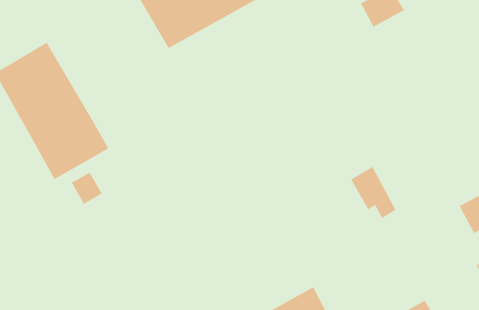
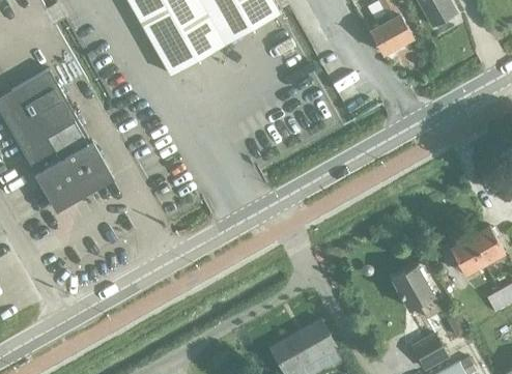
building: [350,166,396,219] -> [393,266,439,320]
building: [71,172,103,205] -> none
building: none -> [449,237,484,277]

